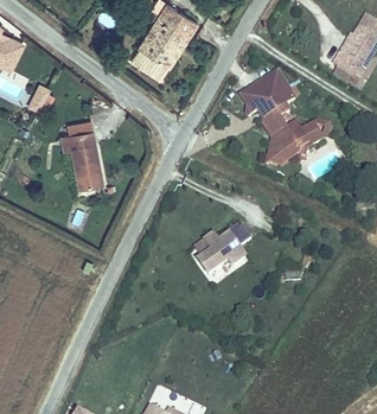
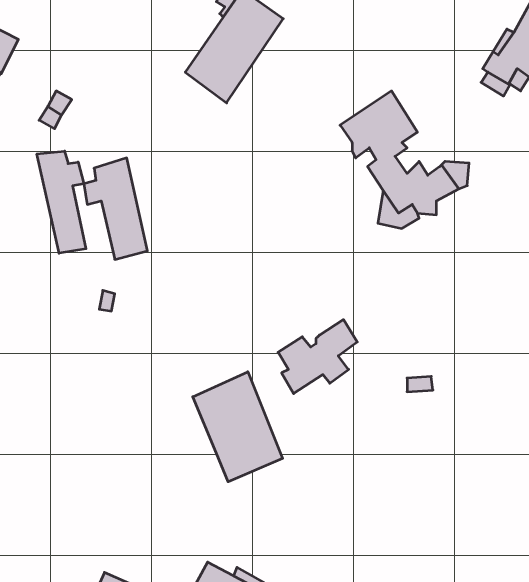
building: none -> [37,151,86,253]
building: none -> [193,372,283,482]

